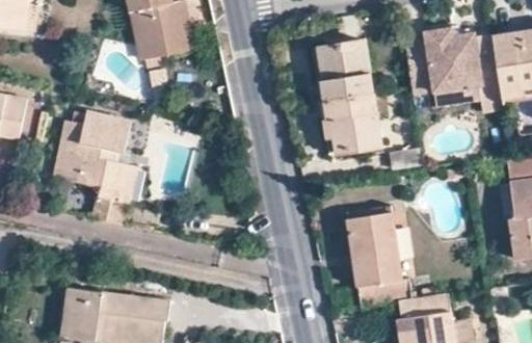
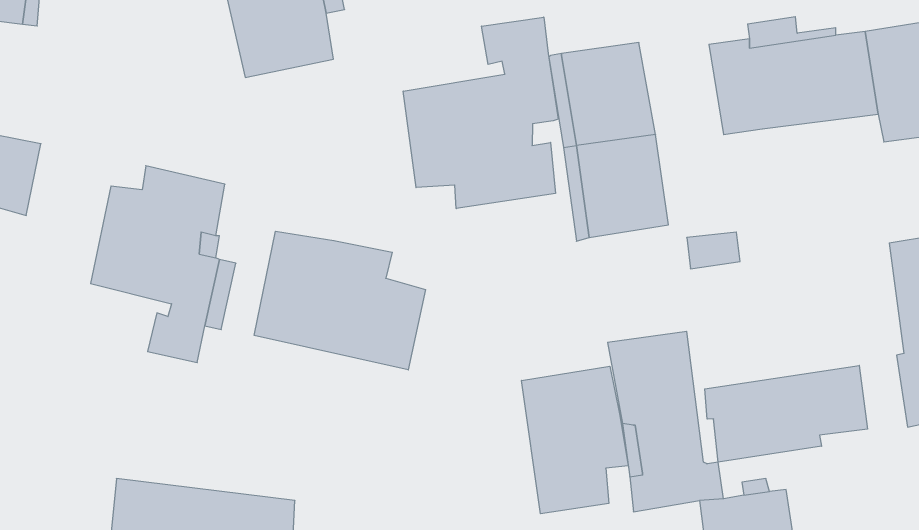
building: none -> [403,17,558,209]
building: none -> [254,231,426,370]
building: none -> [705,365,867,462]
building: none -> [522,366,628,514]

